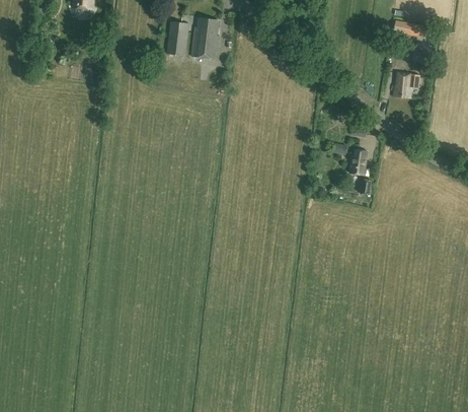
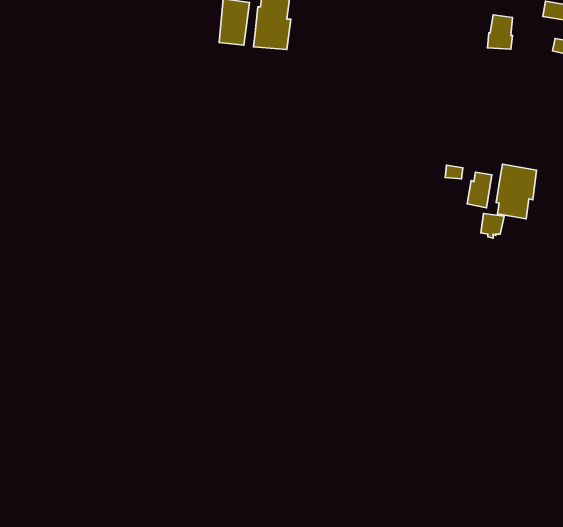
building: [393,71,411,96] -> [488,15,512,49]
building: none -> [496,164,537,219]

